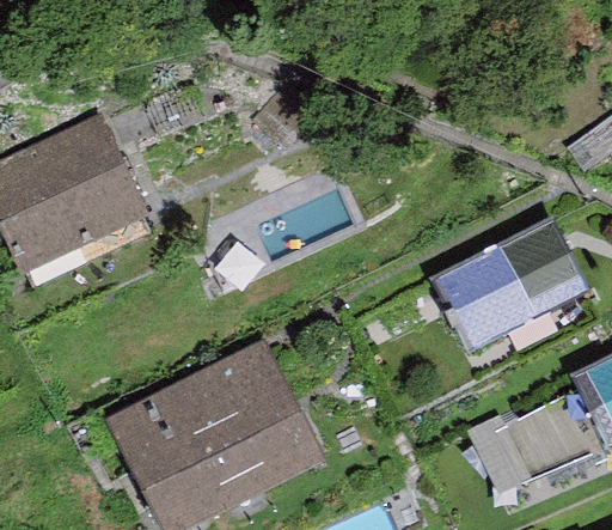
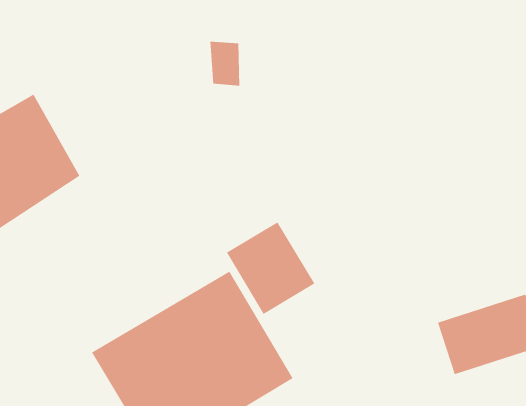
building: [440,218,587,346] -> none
building: none -> [226,221,315,315]

